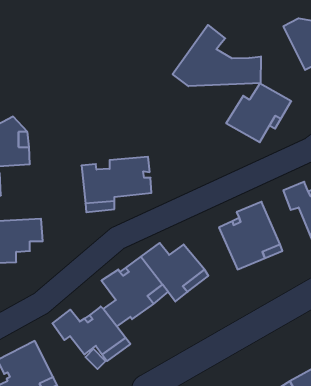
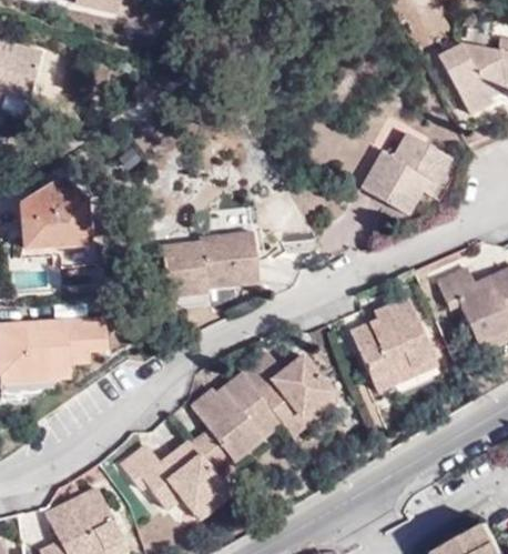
building: [173,25,261,86] -> none

